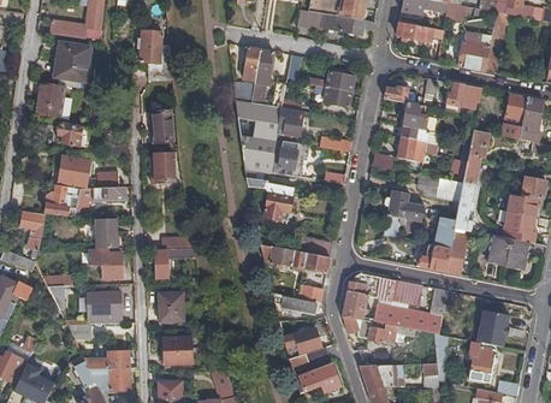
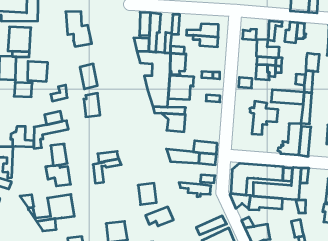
building: [57,156,88,188] -> [28,61,48,81]
building: [158,292,180,320] -> [138,183,156,205]
building: [283,326,321,351] -> [146,207,173,226]

